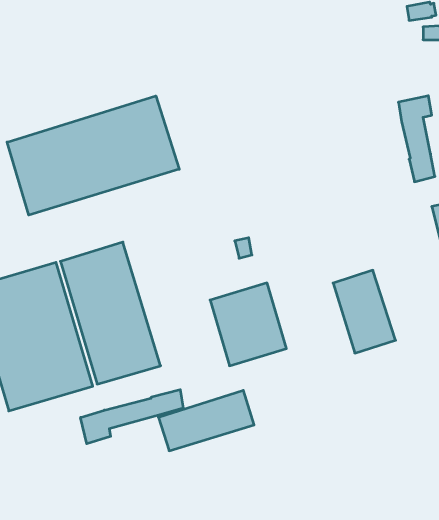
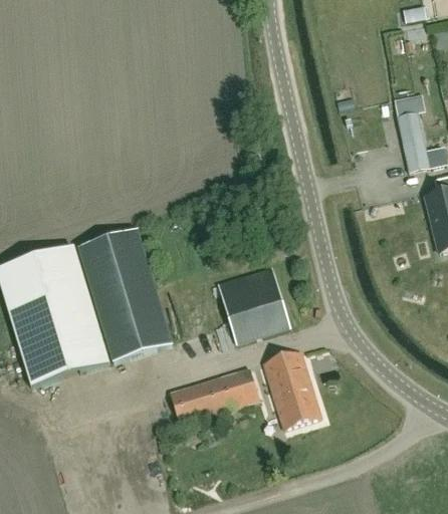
building: [7,96,179,215] -> none
building: [333,270,396,353] -> [263,349,321,427]
building: [81,390,183,444] -> none

